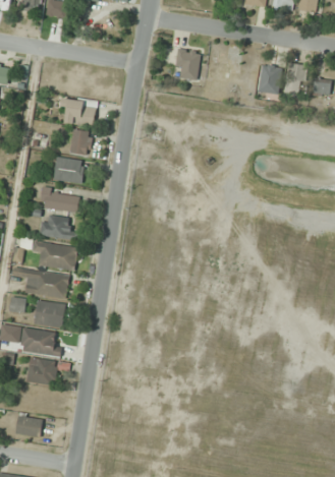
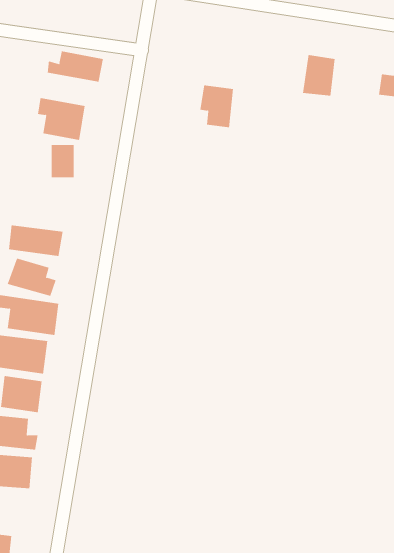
building: [174,49,200,80] -> [199,85,234,128]
building: none -> [47,50,104,82]
building: [284,63,302,98] -> none
building: [53,157,83,183] -> none

